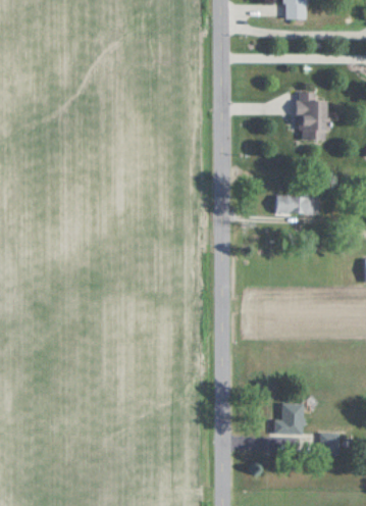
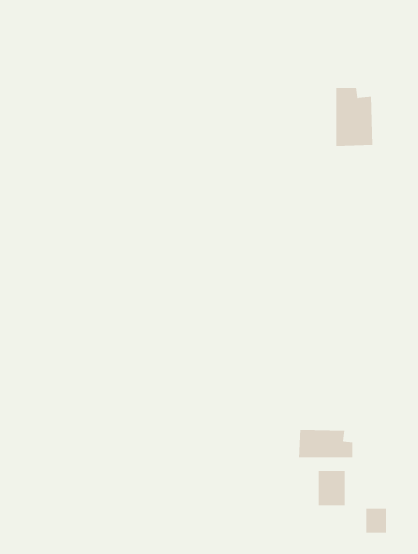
building: [275,195,315,212] -> none
building: none -> [299,429,353,458]

